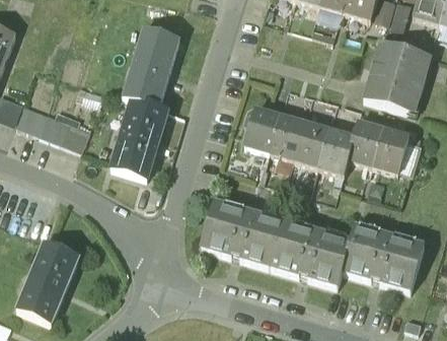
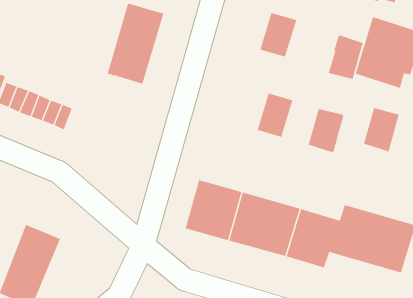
building: [110,98,167,178] -> none
building: [243,108,280,151] -> [260,12,297,57]
building: [348,121,382,164] -> [328,35,364,79]
building: [293,122,328,165] -> none

